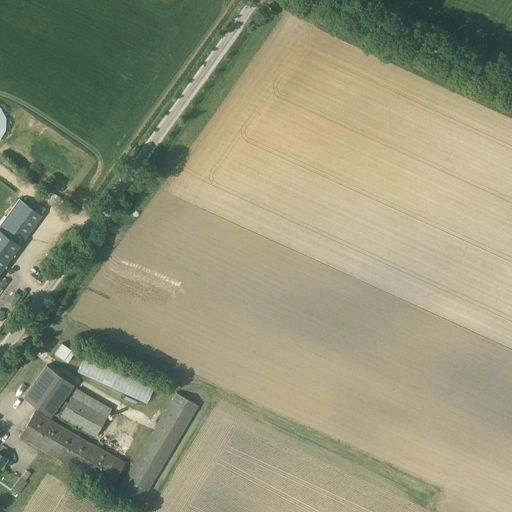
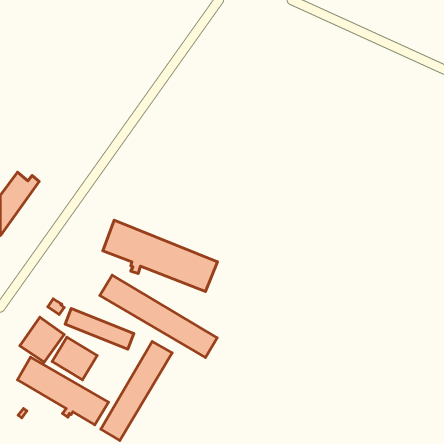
building: none -> [103,220,218,292]
building: none -> [100,275,217,358]

